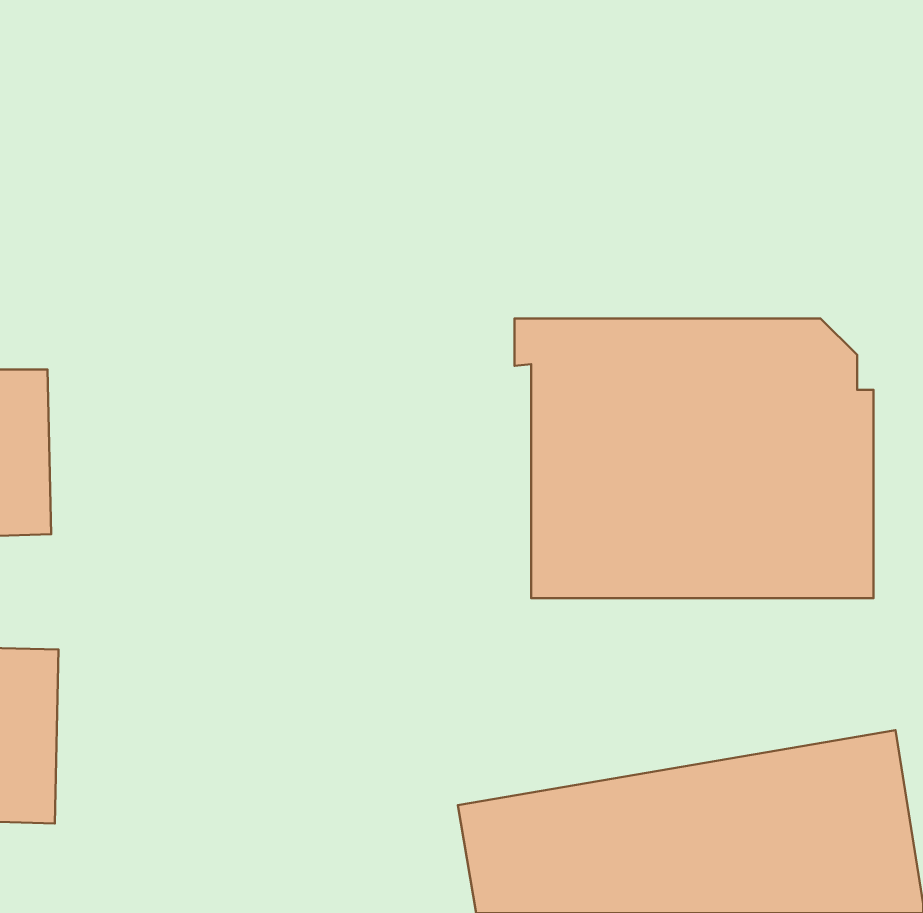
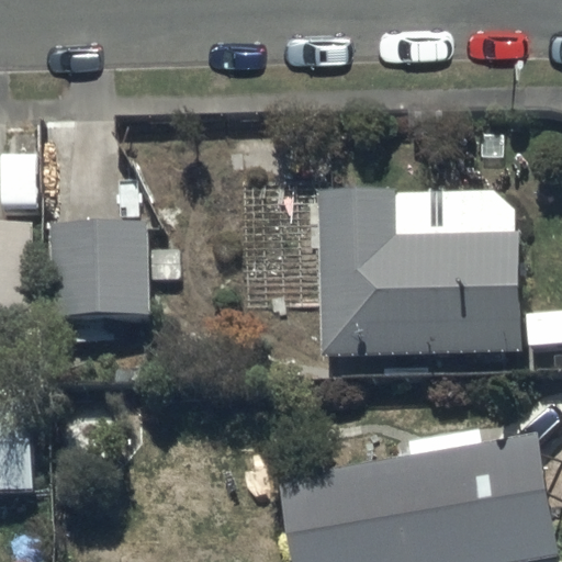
building: none -> [49,223,146,317]

